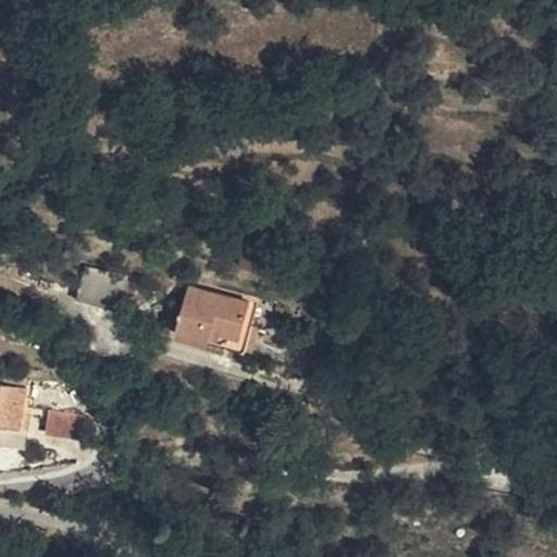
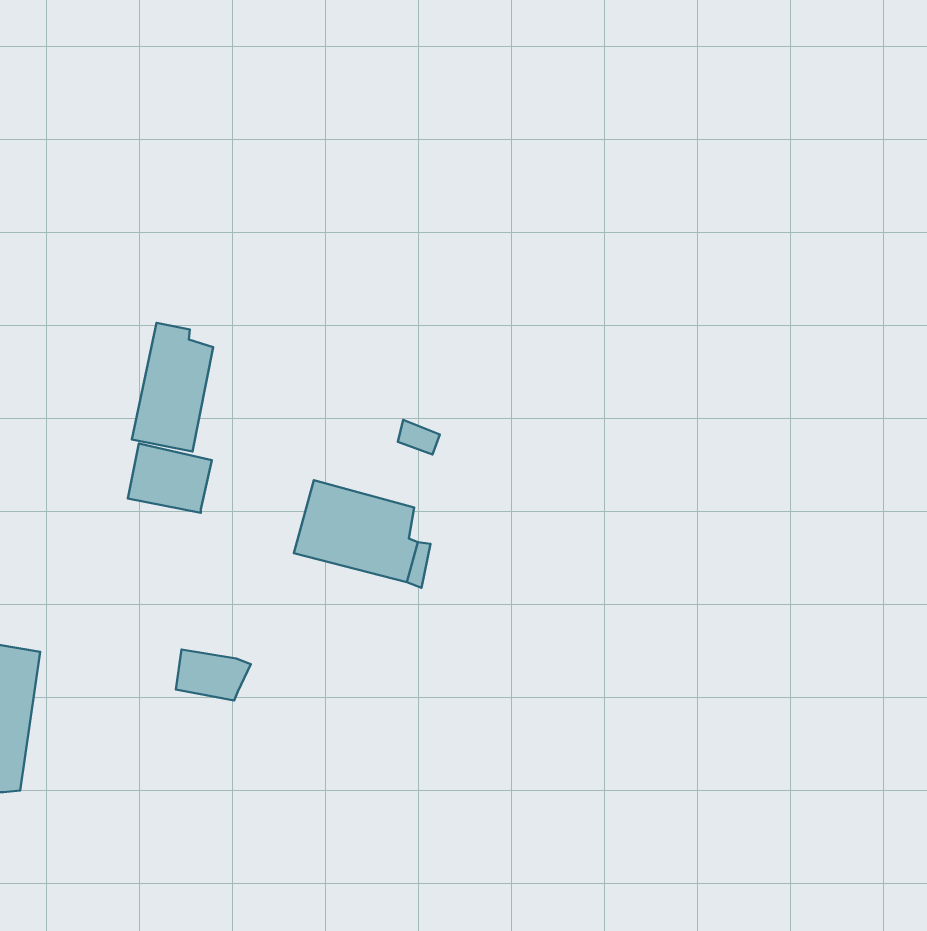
building: none -> [132,323,213,451]
building: [42,410,87,441] -> [176,649,251,701]

